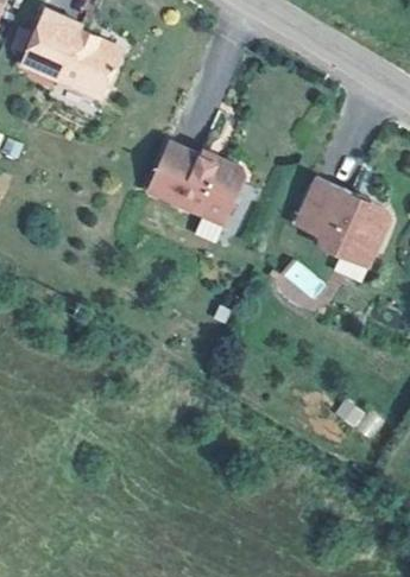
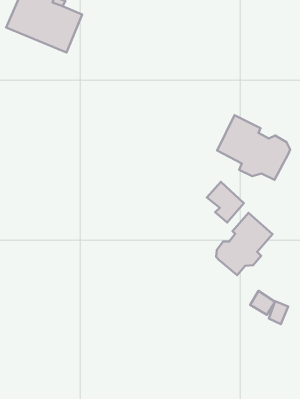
building: [141,140,240,216] -> none
building: none -> [216,213,273,275]

